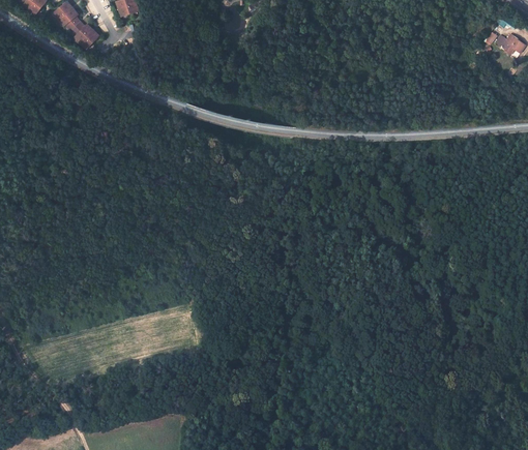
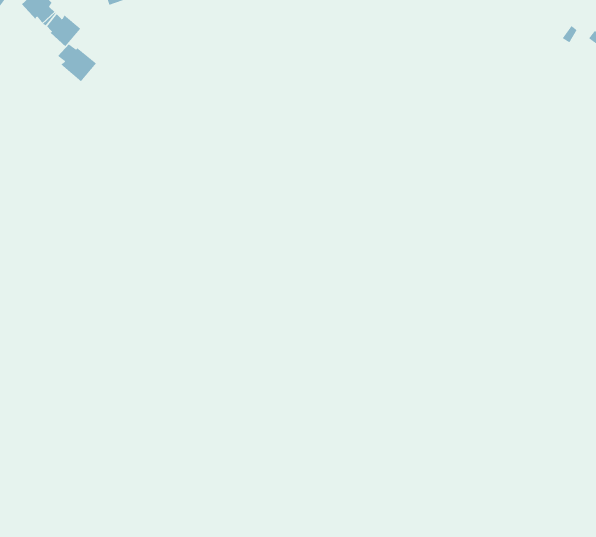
building: none -> [57,44,97,82]

